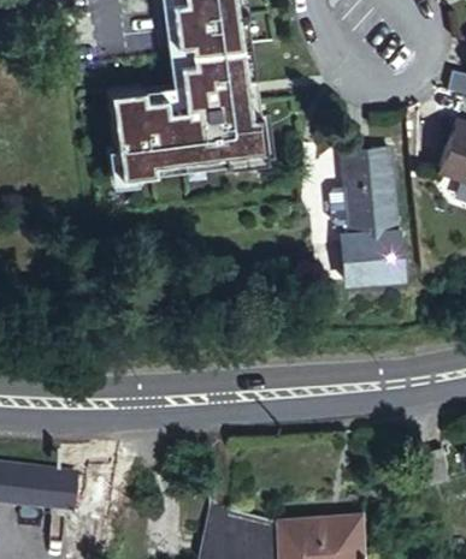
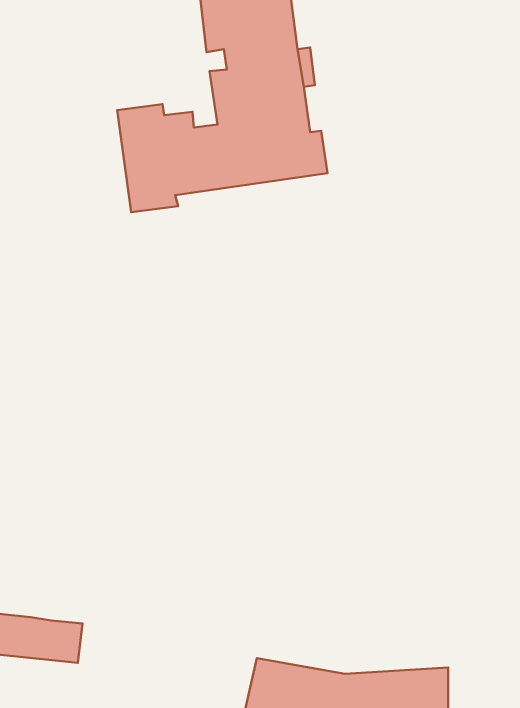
building: [315,154,397,287] -> none

